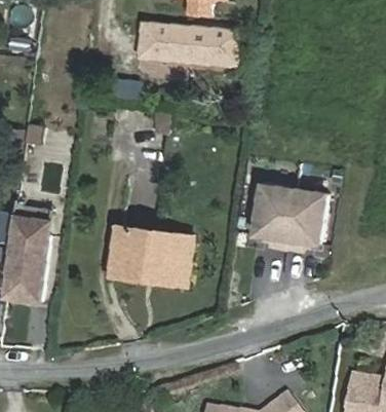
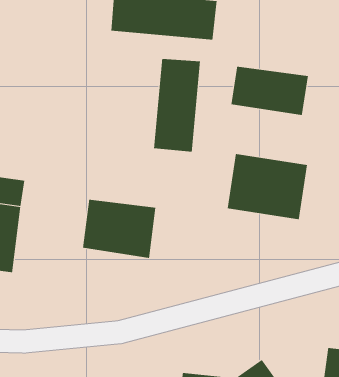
building: none -> [154,58,200,153]
building: none -> [231,66,309,116]

